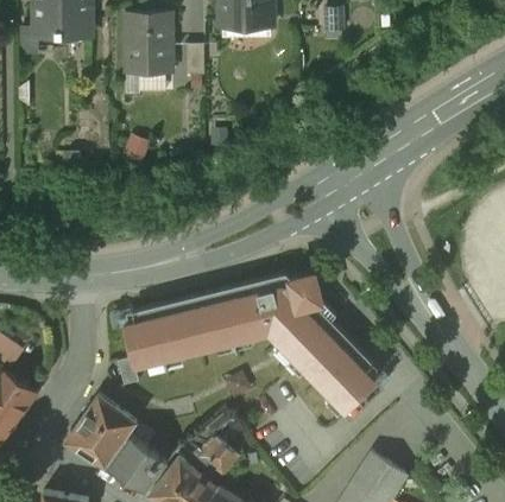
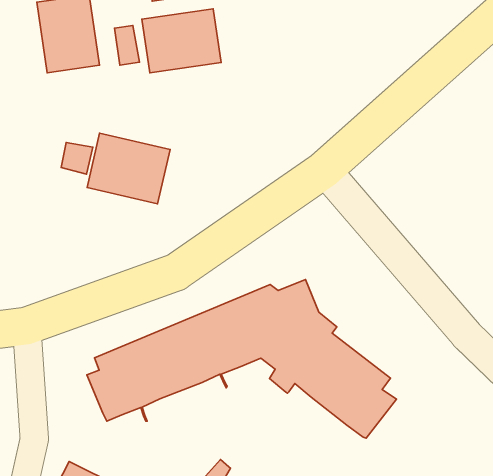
building: none -> [142,9,221,73]
building: none -> [87,133,170,204]

